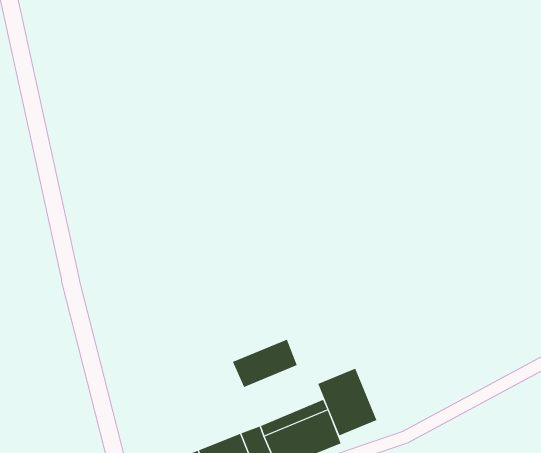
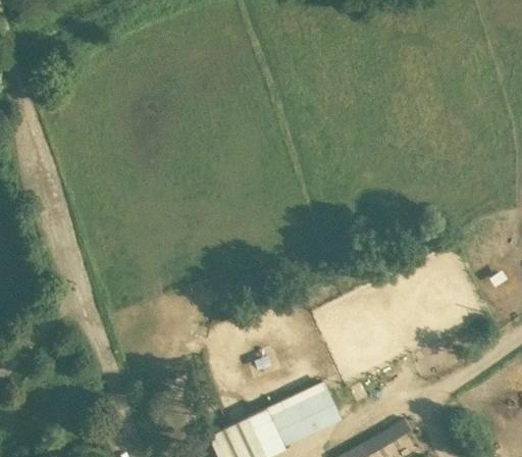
building: [232,339,298,388] -> none
building: [318,368,377,436] -> none

